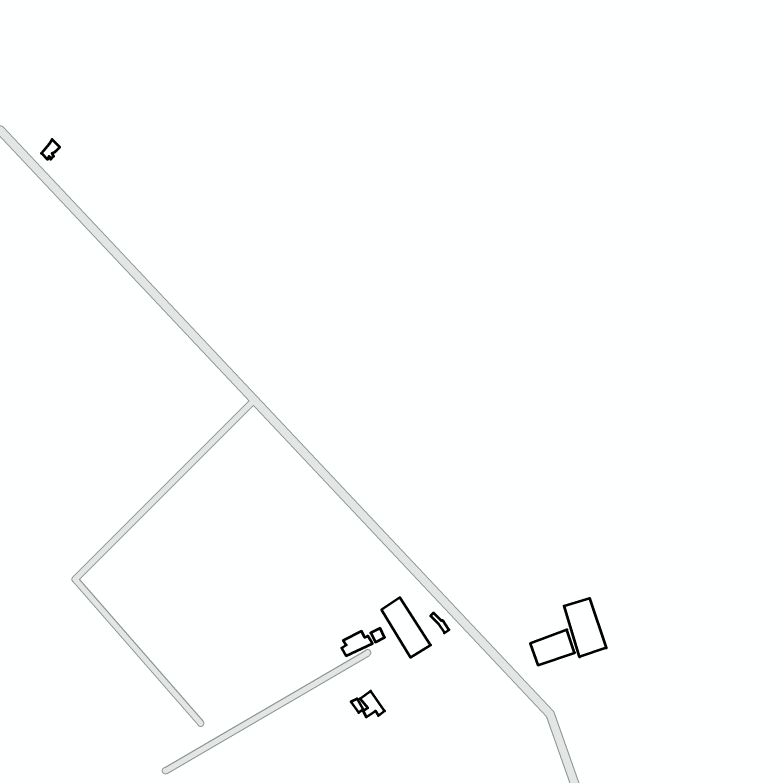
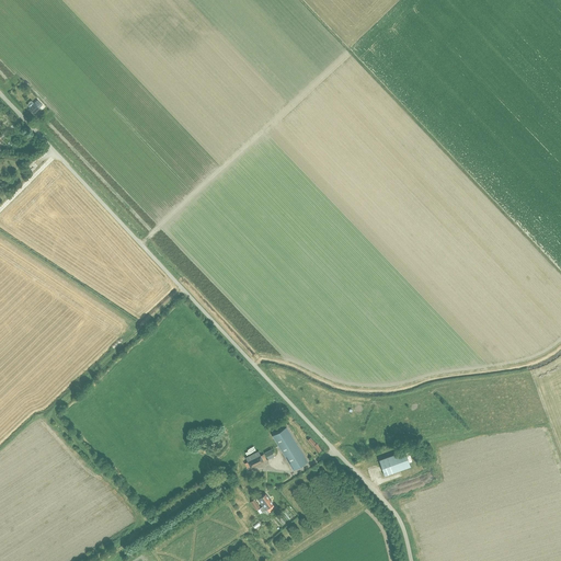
building: [564,598,606,657] -> none

